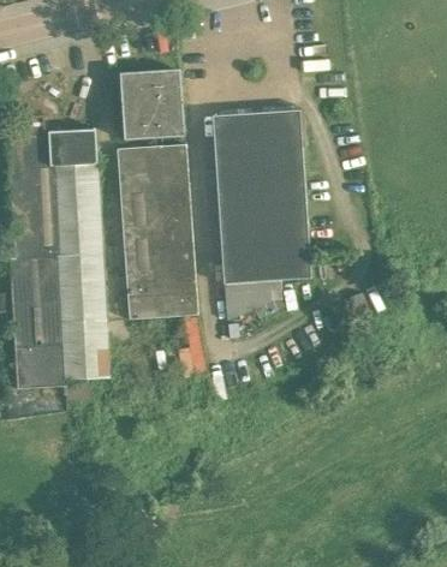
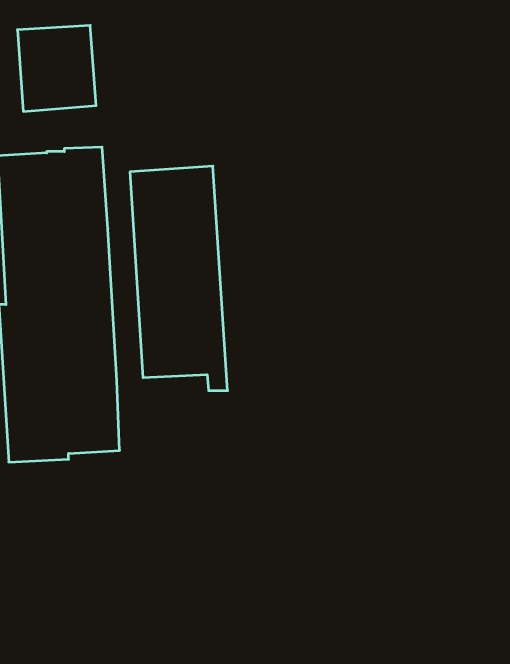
building: [119,70,184,141] -> [17,25,96,111]
building: [211,111,310,321] -> none

